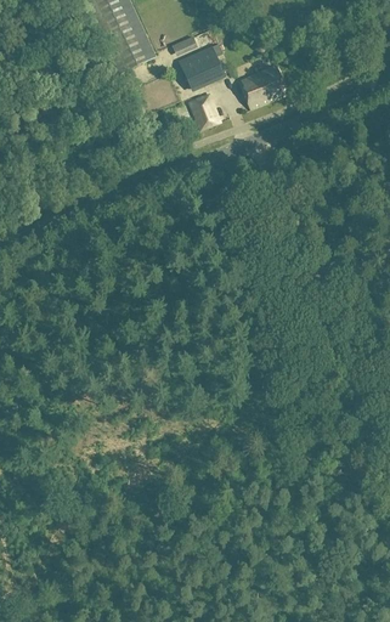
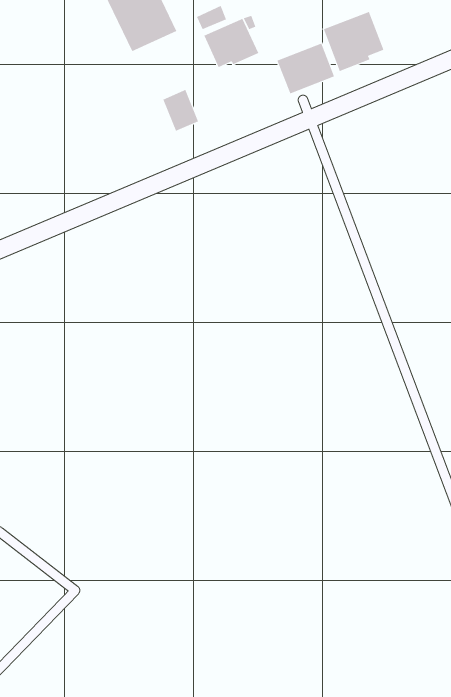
building: none -> [323,11,384,72]
building: [190,94,220,129] -> [162,89,199,132]

